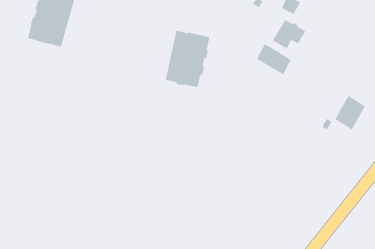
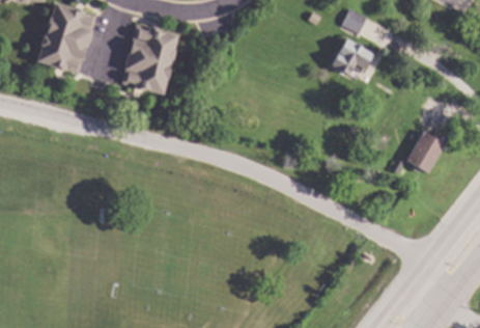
building: [165,30,210,88] -> [121,25,176,94]
building: [256,43,292,75] -> none

